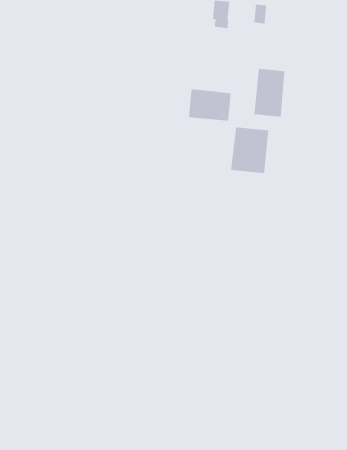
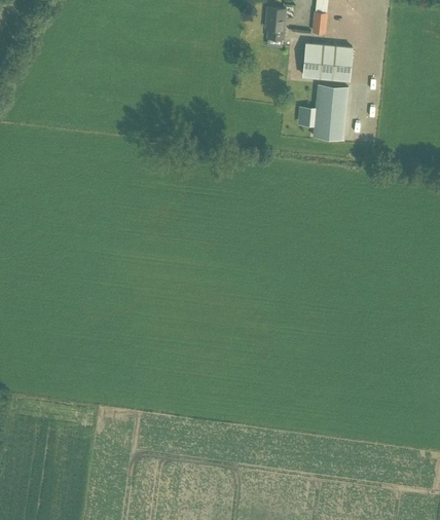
building: [188,89,232,121] -> [302,43,352,80]
building: [230,127,269,174] -> none

